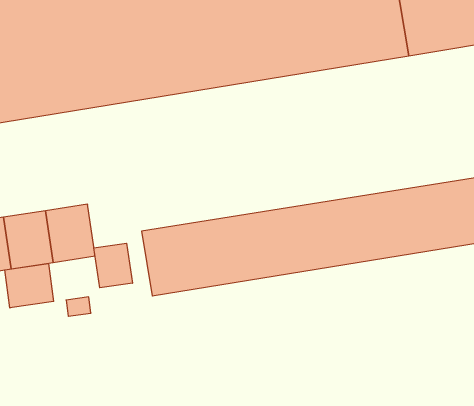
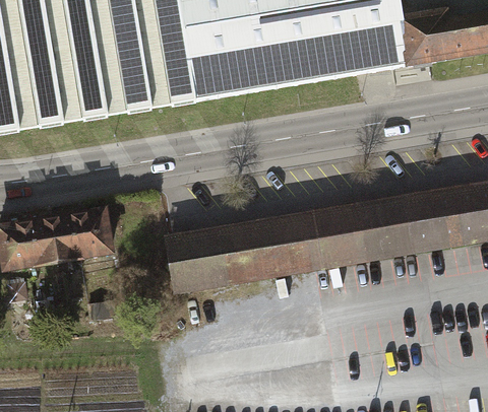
building: [94,243,132,288] -> none
building: [5,264,54,308] -> none

